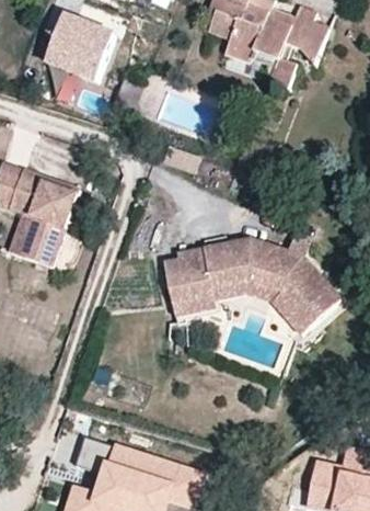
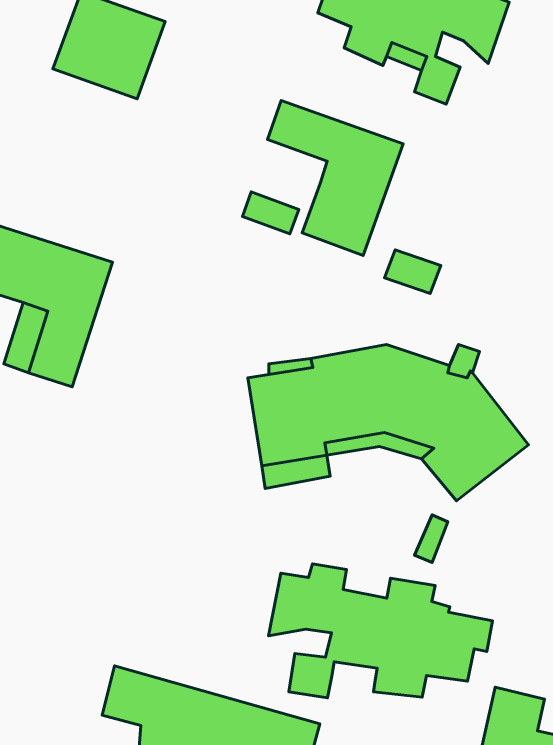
building: none -> [267,101,403,255]
building: none -> [269,564,492,698]

